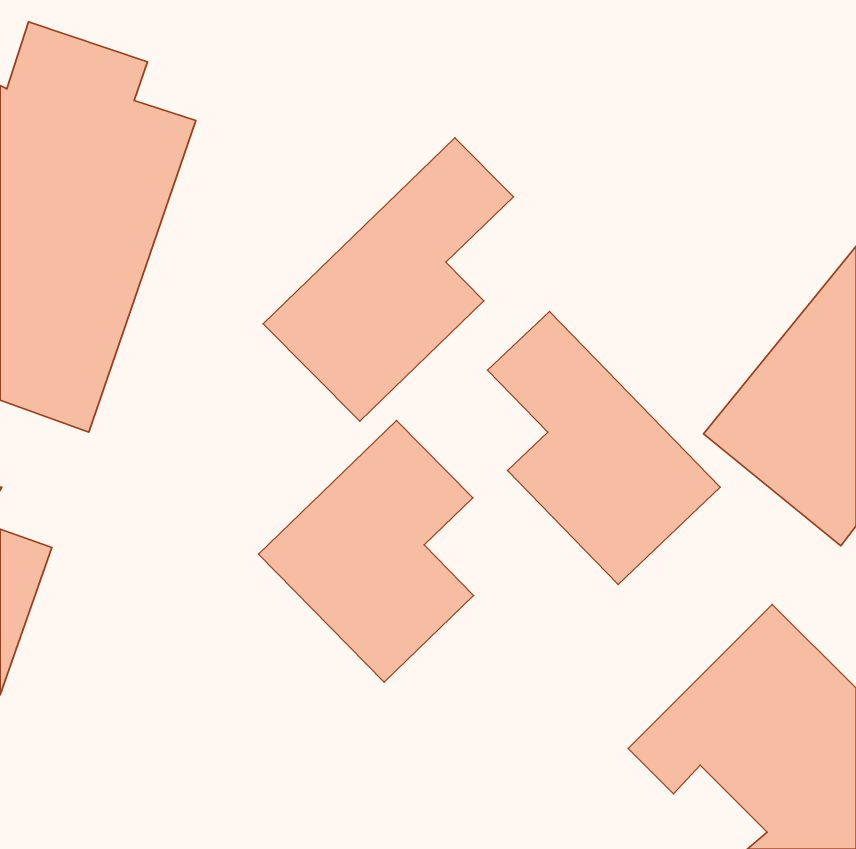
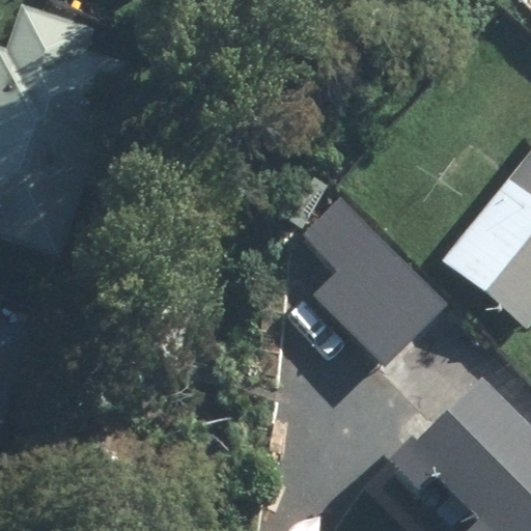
building: [263,138,514,421] -> none
building: [259,421,474,682] -> none

